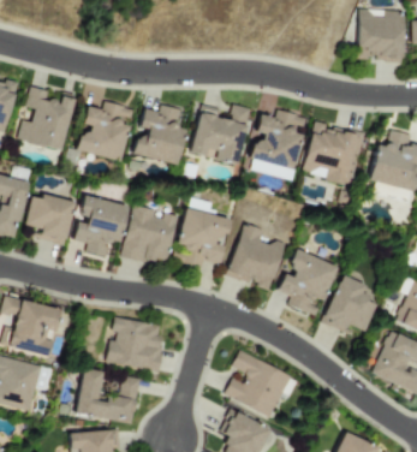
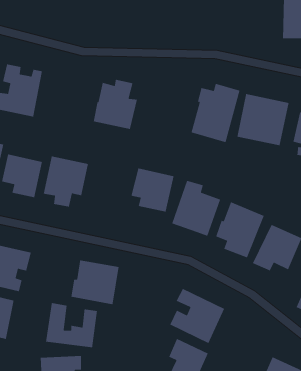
building: [77,102,133,161] -> none
building: [191,105,250,163] -> none
building: [123,204,179,266] -> none

